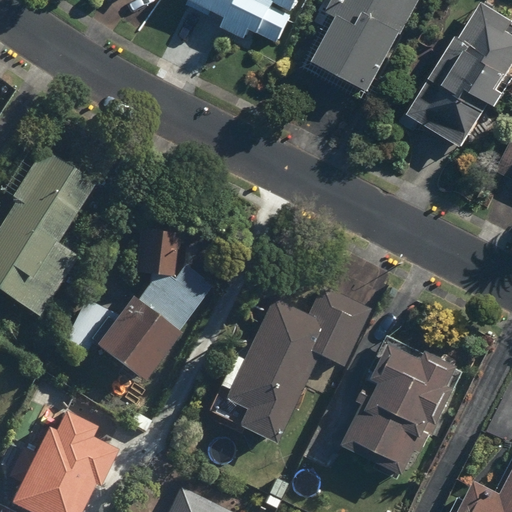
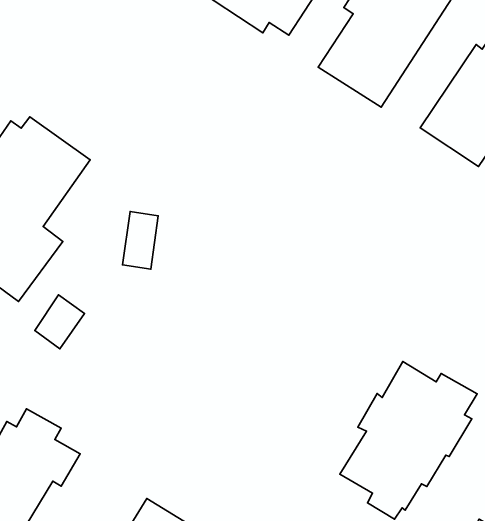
building: [99,261,215,378] -> none
building: [204,284,373,438] -> none

